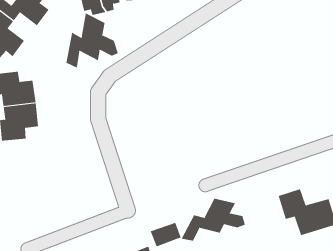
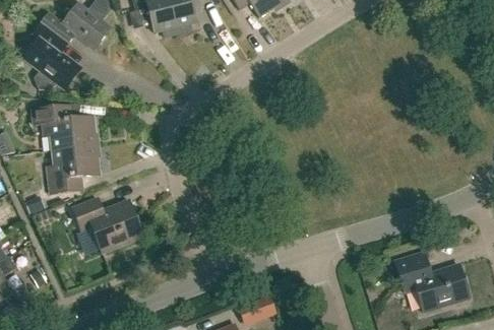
building: [66,12,118,68] -> none
building: none -> [71,197,143,253]
building: [181,198,246,242] -> none

